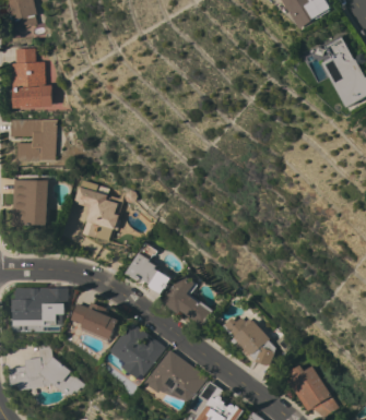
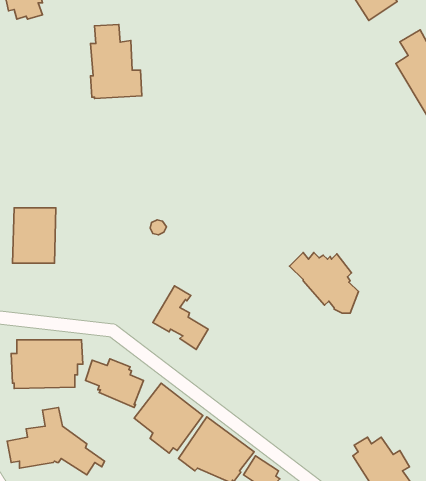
building: [11,49,52,109] -> [90,24,142,99]
building: [11,120,56,161] -> none
building: [73,187,123,242] -> none
building: [162,275,213,327] -> none
building: [221,317,276,367] -> [290,253,358,313]

